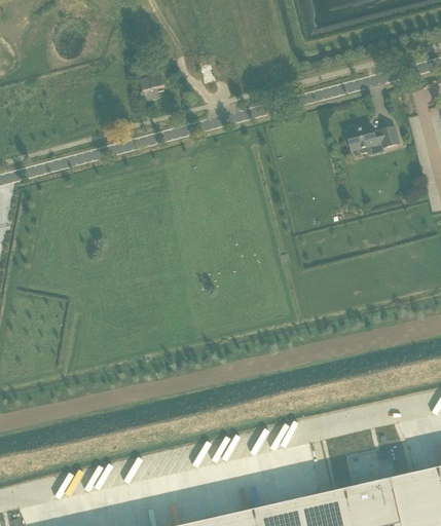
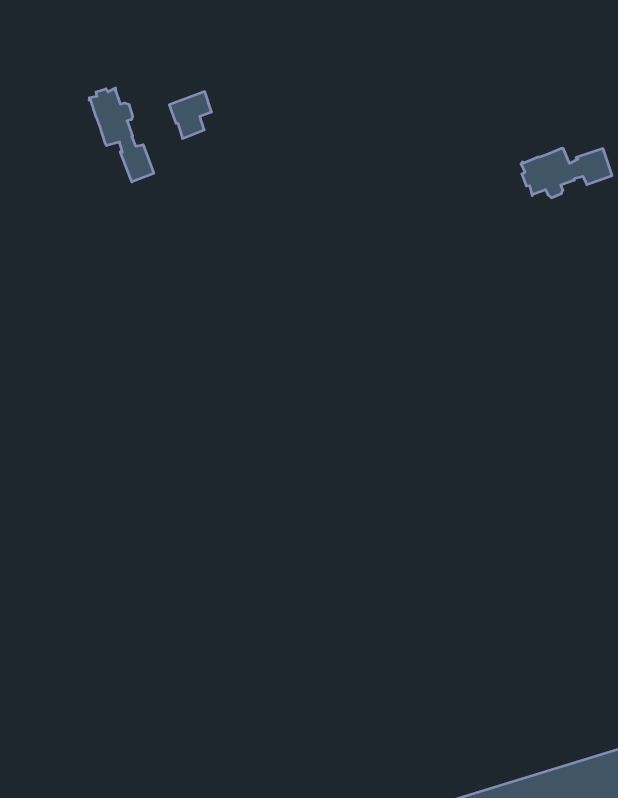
building: none -> [89,88,154,182]

